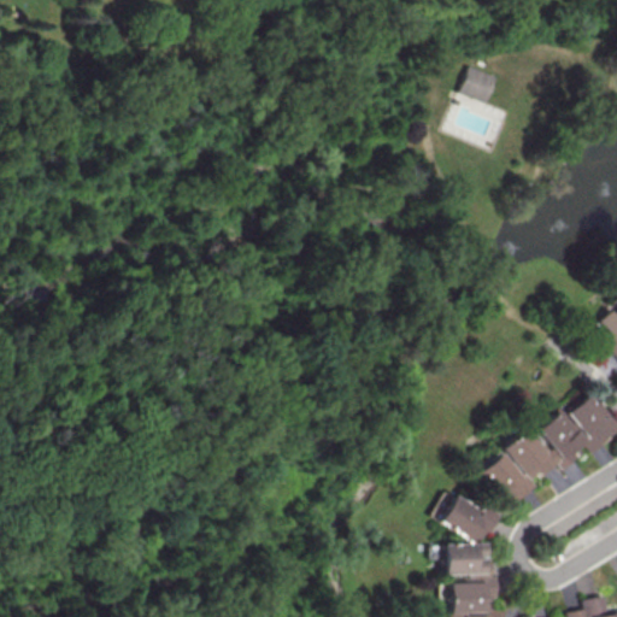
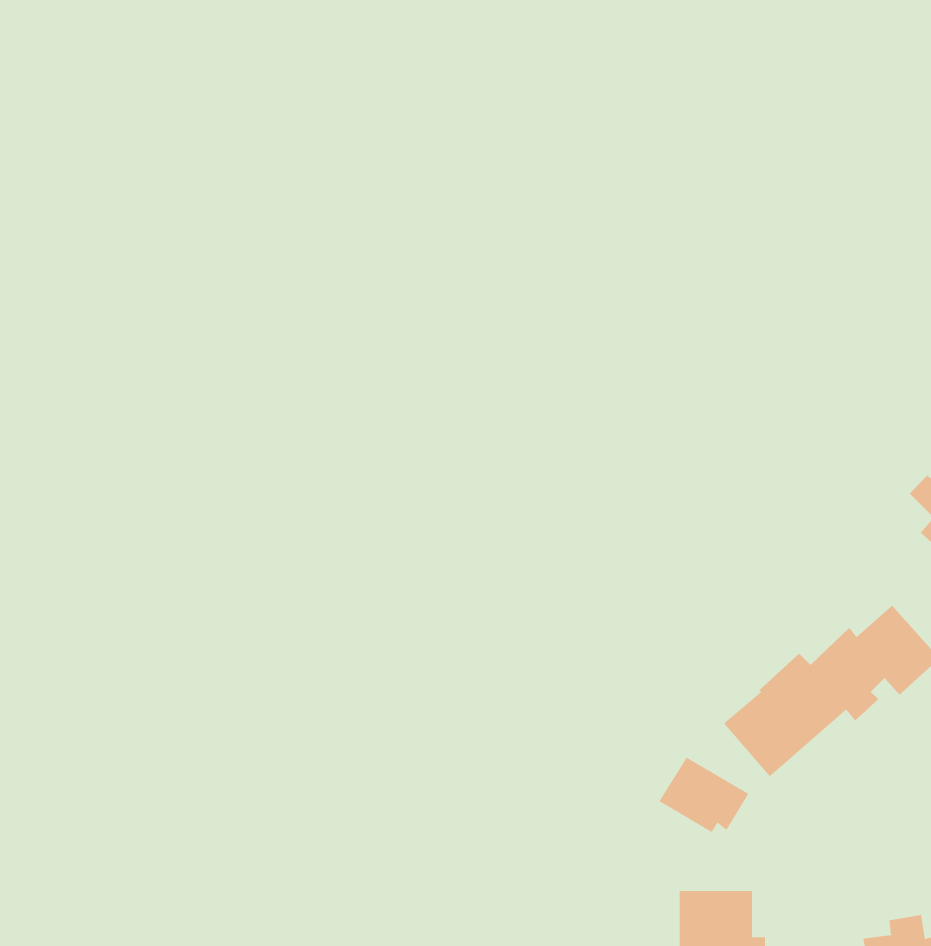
building: [462,65,500,104] -> none
building: [446,543,494,575] -> none

